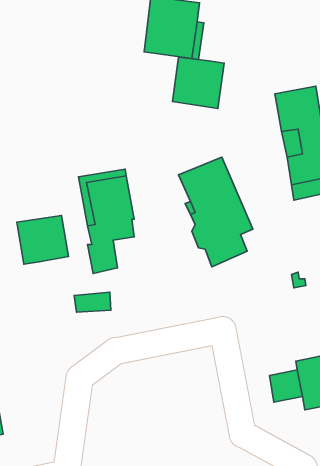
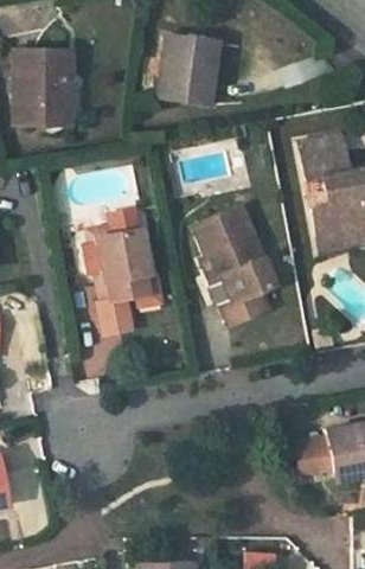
building: none -> [13,51,70,124]
building: [172,57,224,108] -> none
building: [17,216,69,264] -> none

